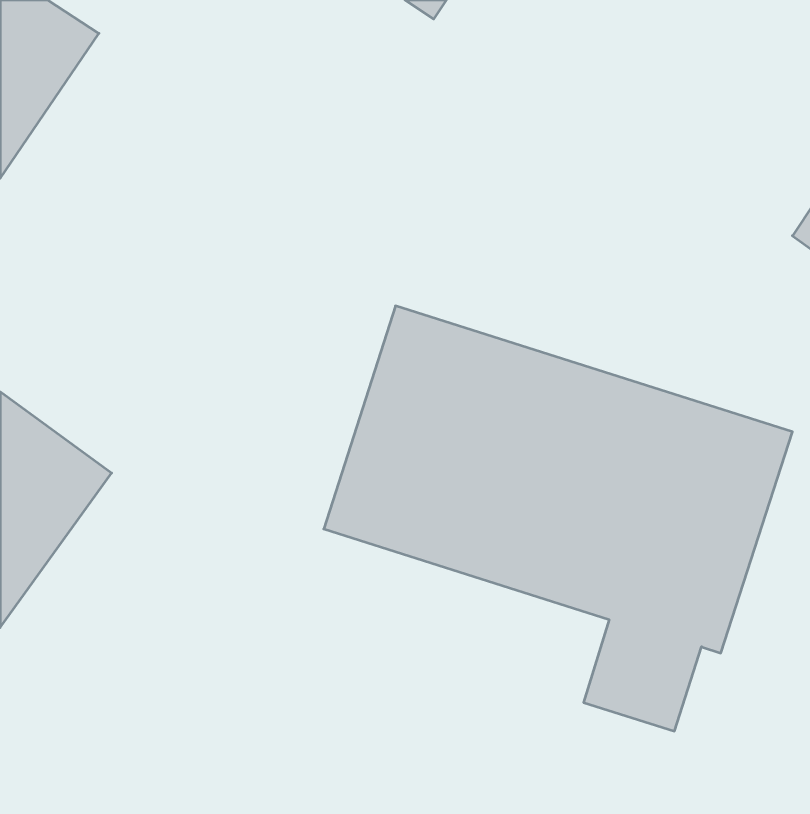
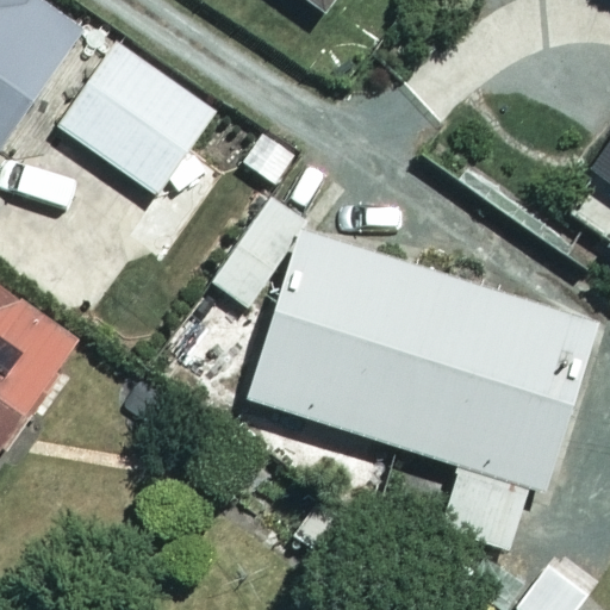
building: none -> [58,44,212,193]

